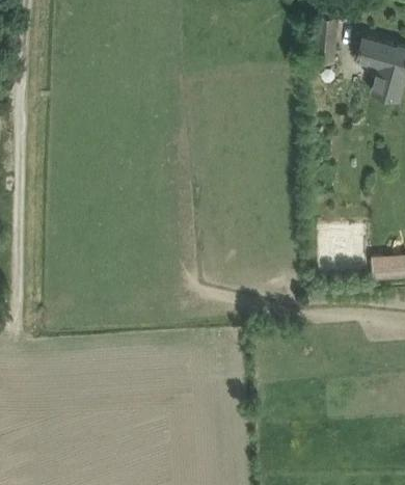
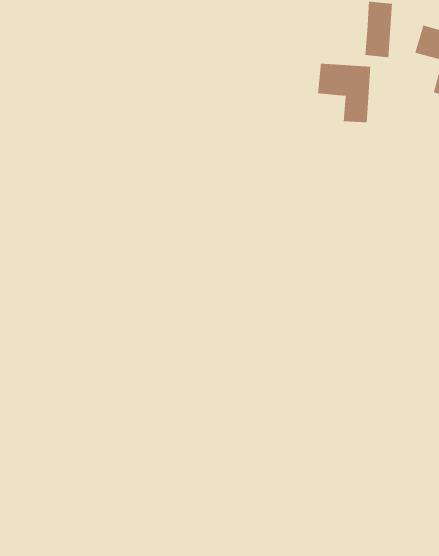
building: none -> [317,63,371,123]

